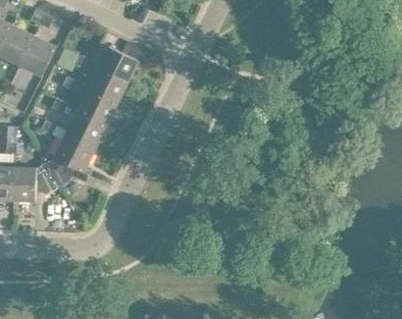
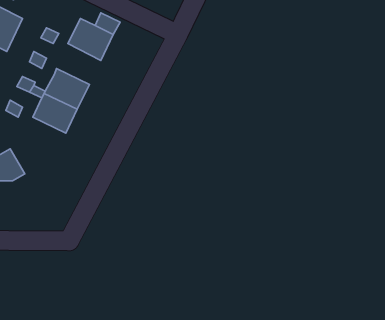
building: [87,68,127,105] -> none
building: [45,135,95,185] -> none

